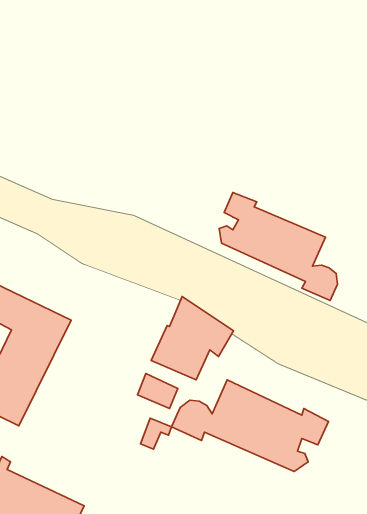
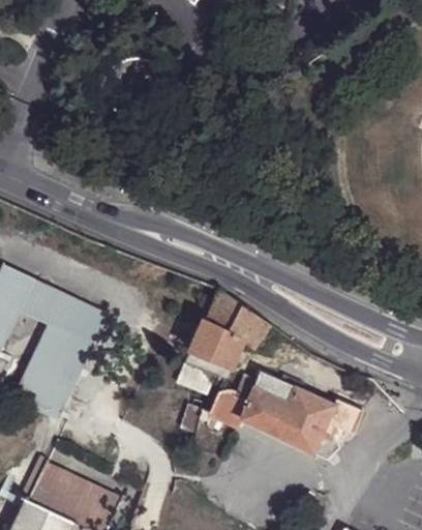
building: [219,192,337,301] -> none

